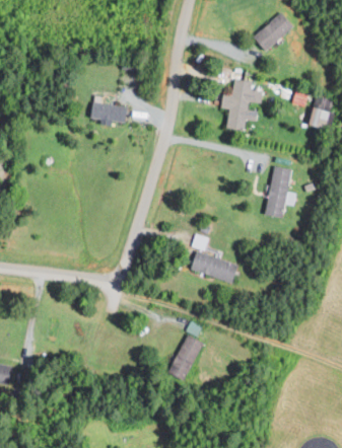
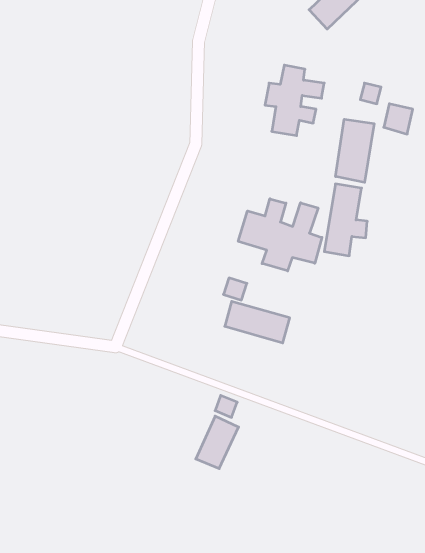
building: [90,101,129,124] -> none
building: none -> [336,119,374,182]
building: none -> [238,199,322,271]

